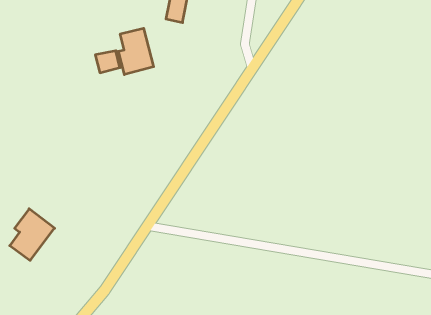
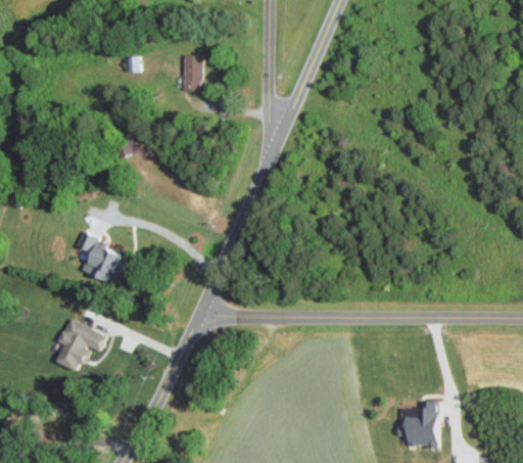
building: [118,28,154,75] -> none
building: none -> [80,232,120,283]

